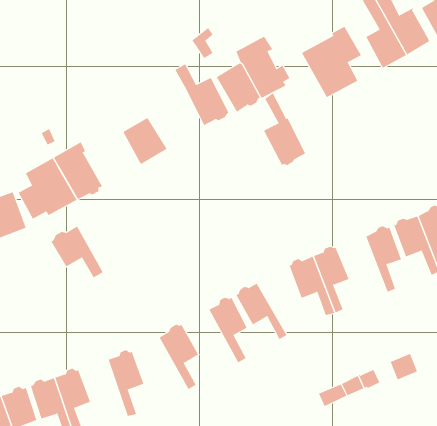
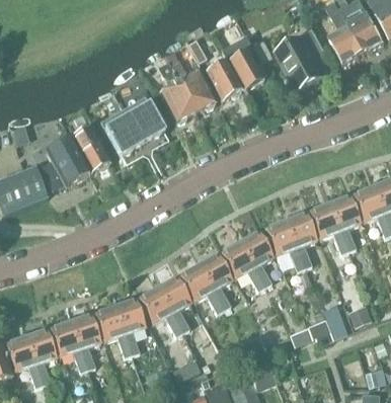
building: [263,93,306,166] -> [160,61,196,122]
building: none -> [105,116,143,156]
building: [51,226,104,278] -> none
building: none -> [310,204,348,253]
building: none -> [240,231,273,286]
building: none -> [180,264,224,312]
building: none -> [140,288,182,335]
building: none -> [95,306,132,356]

